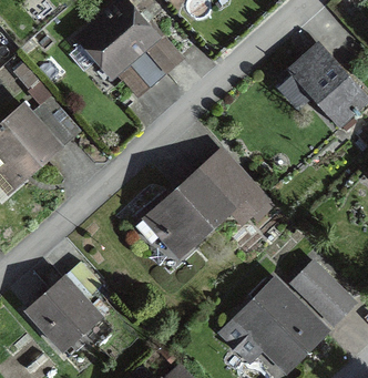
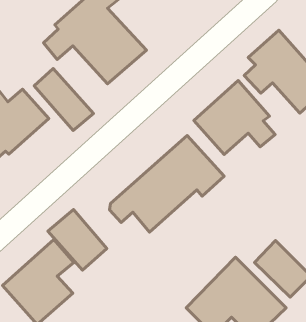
building: none -> [34,69,93,131]
building: none -> [194,81,275,155]
building: none -> [48,210,107,270]

